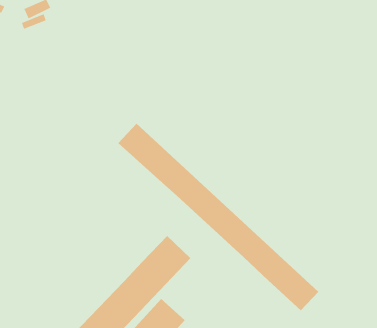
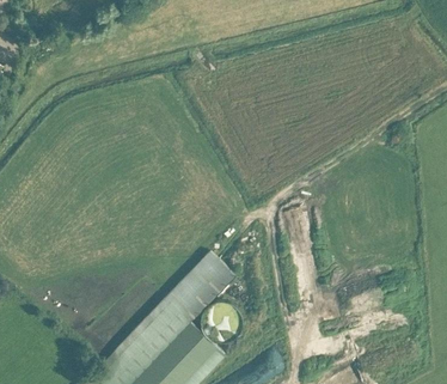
building: [118,123,319,311] -> none

